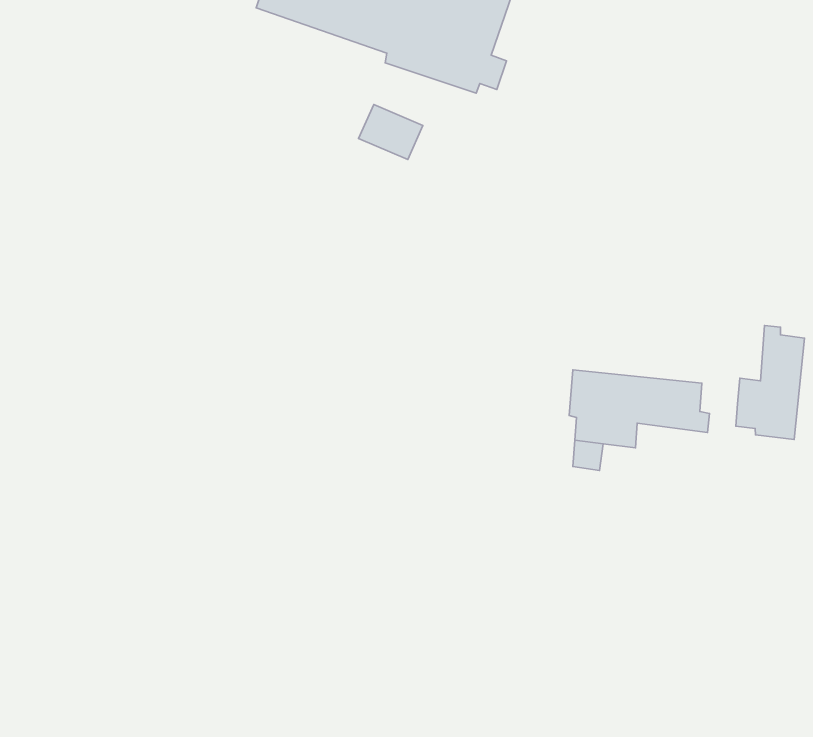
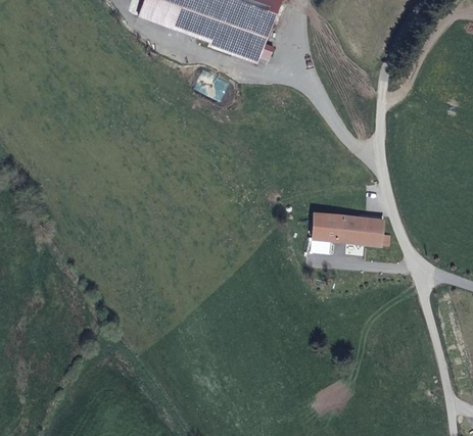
building: [736,325,805,439] -> none

